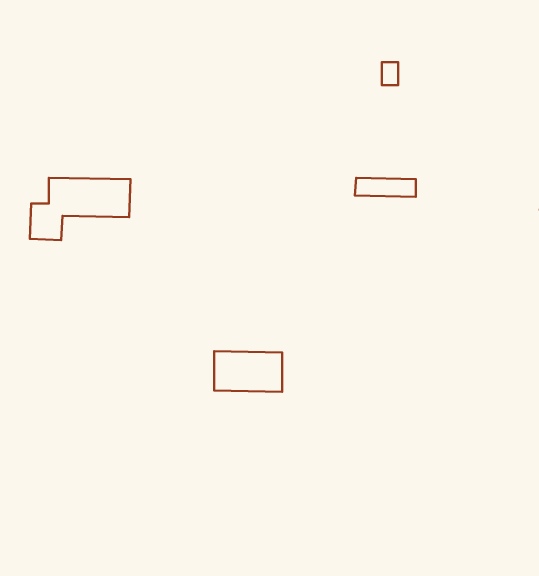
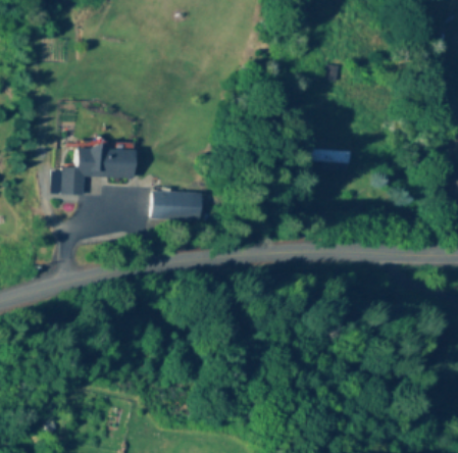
building: [214,351,282,392] -> [151,191,202,221]

